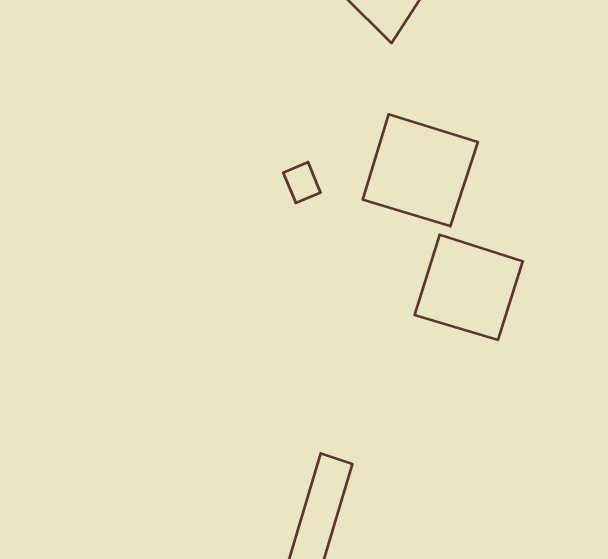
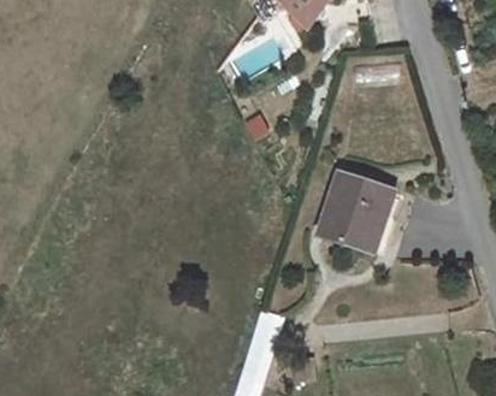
building: [363,114,478,226] -> none

